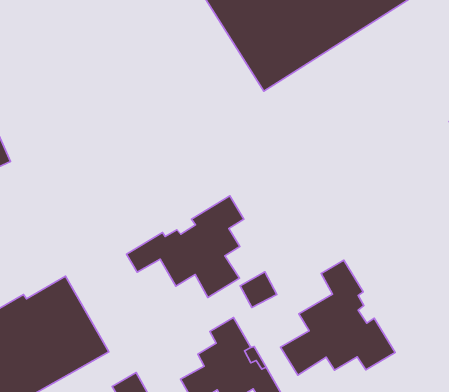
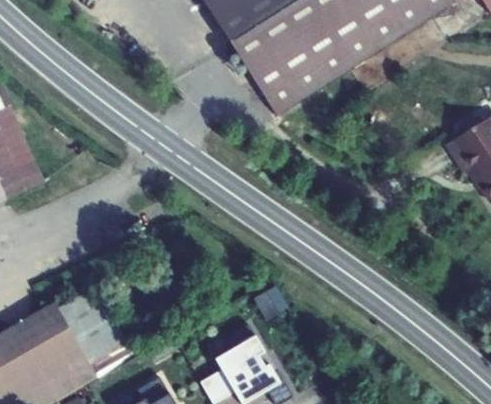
building: [126,196,244,297] -> none
building: [280,260,395,375] -> none

